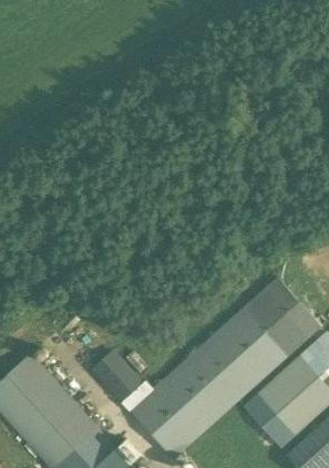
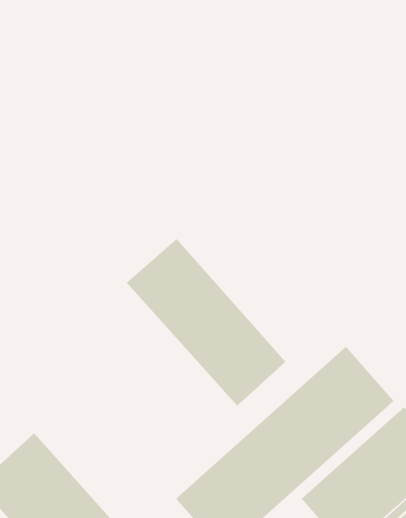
building: none -> [126,238,286,407]
building: [90,347,142,403] -> none

